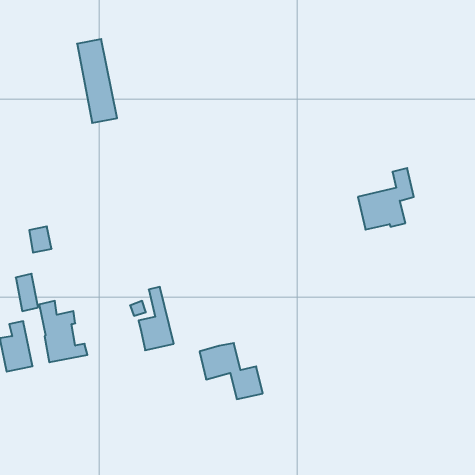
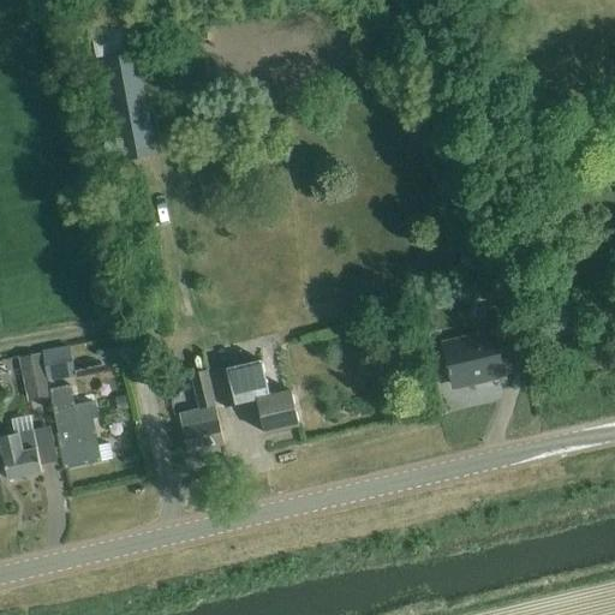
building: [358,168,414,230] -> [443,305,515,384]
building: [29,226,52,253] -> [44,351,73,384]
building: [200,343,263,399] -> [217,360,299,432]

